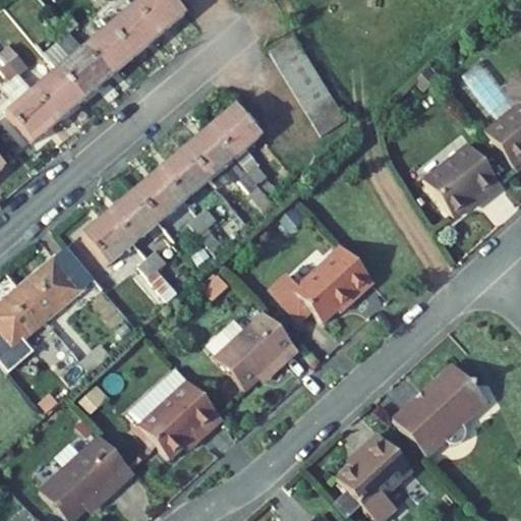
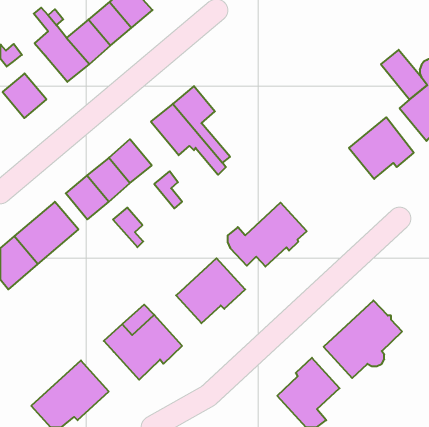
building: [270,34,347,134] -> none
building: [32,67,83,120] -> none
building: [159,147,211,199] -> none

